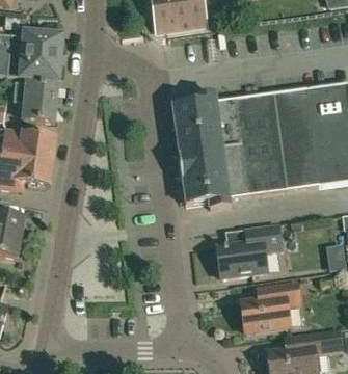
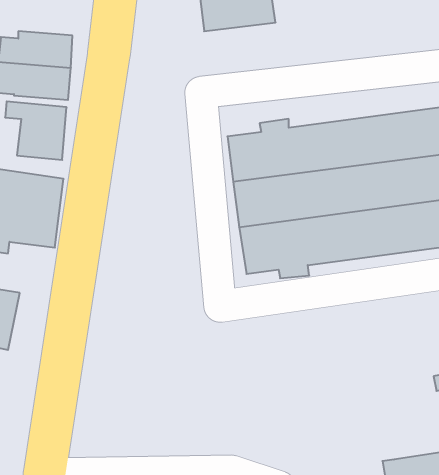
building: [217,224,282,277] -> none
building: [241,280,299,331] -> none

